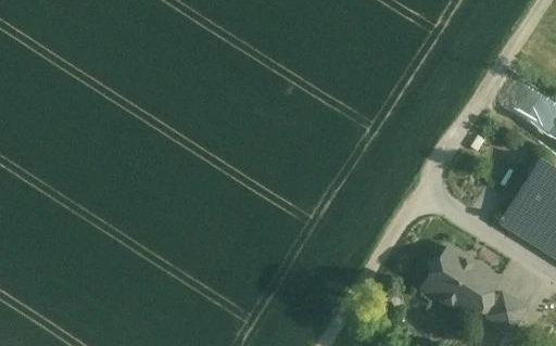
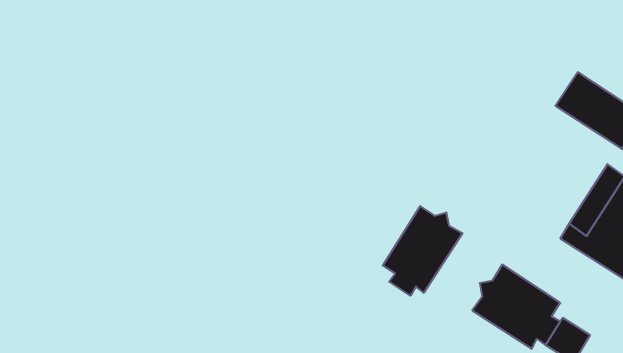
building: none -> [383,206,462,296]

